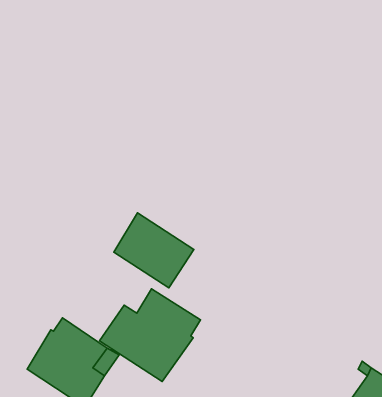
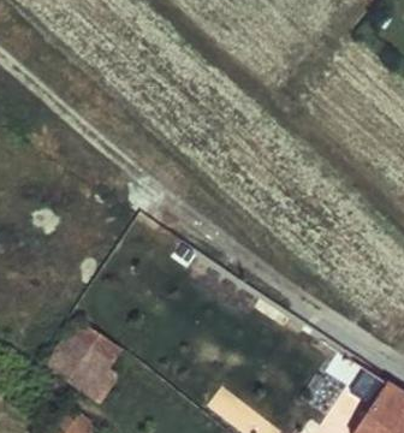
building: [100,289,201,382] -> none

